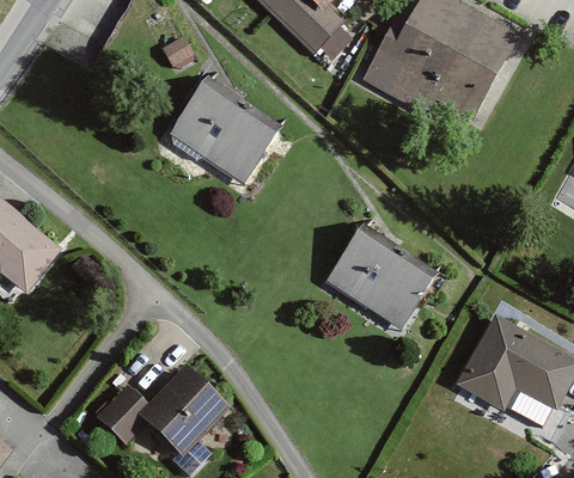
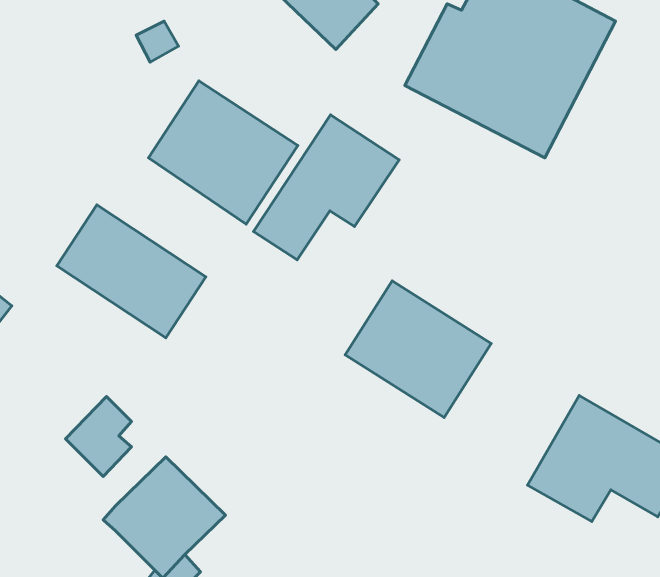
building: none -> [254,115,399,260]
building: none -> [57,205,206,338]
building: [93,380,144,441] -> [66,396,132,477]

